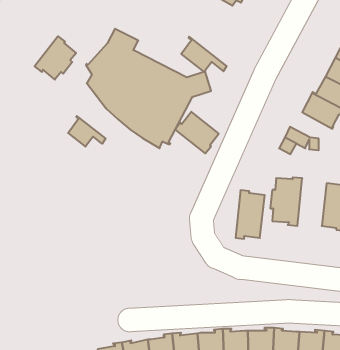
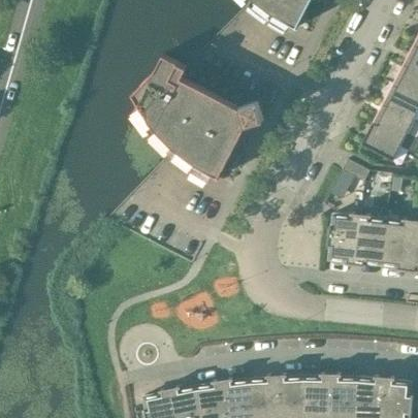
building: [35,36,76,80] -> none
building: [181,37,227,72] -> none
building: [175,112,219,153] -> none
building: [68,116,106,147] -> none
building: [236,190,265,239] -> [356,215,387,266]

